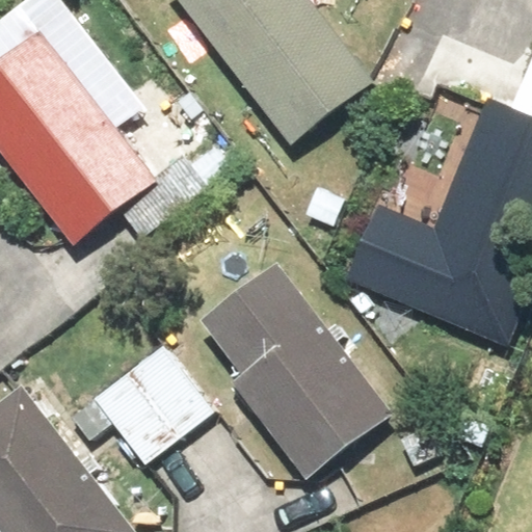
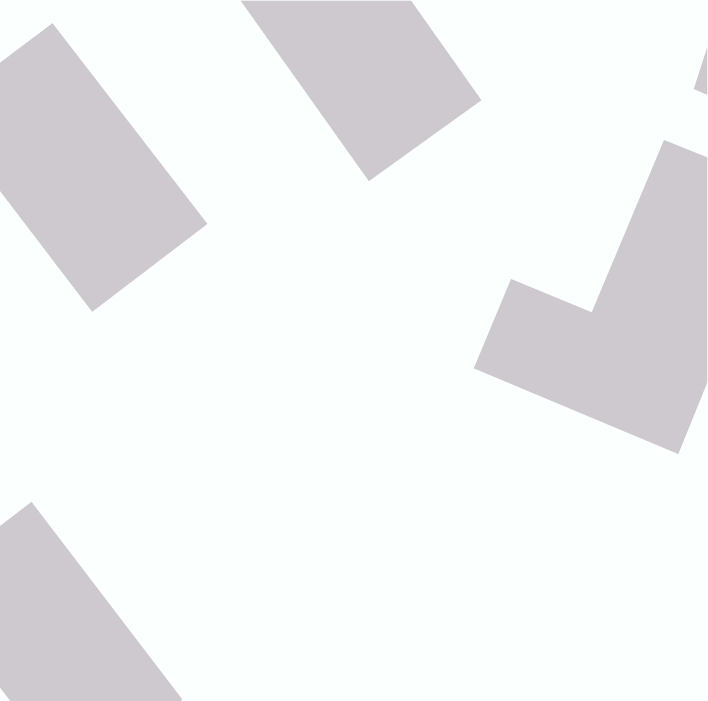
building: [195,260,389,473] -> none
building: [89,346,209,464] -> none

